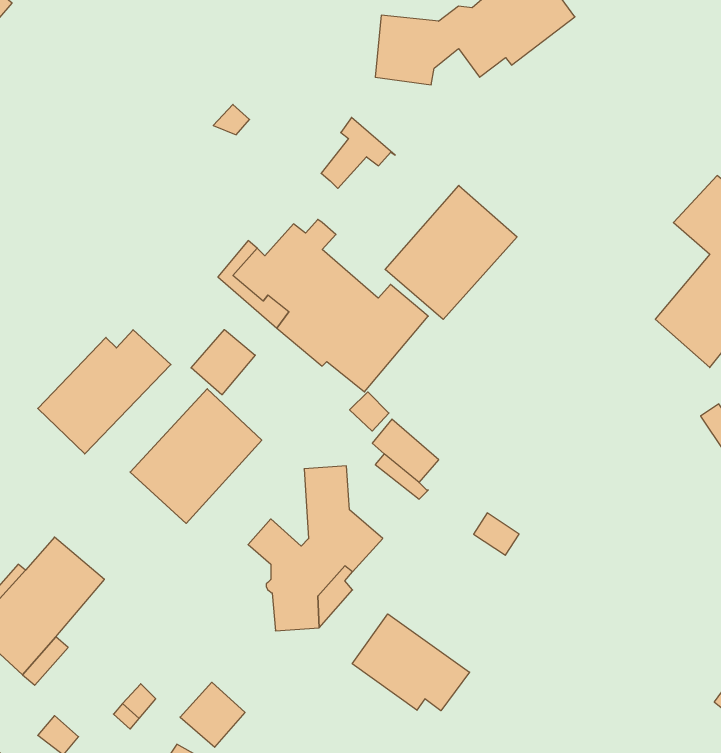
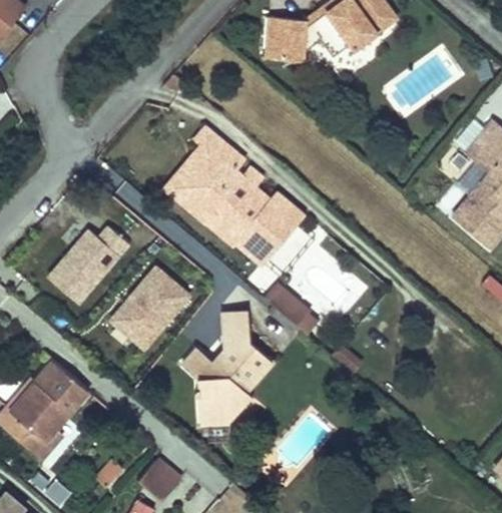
building: [321,117,395,188] -> [183,127,232,174]
building: [385,185,517,319] -> none
building: [191,330,255,395] -> none
building: [352,614,470,711] -> none

